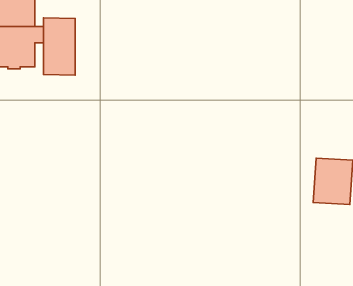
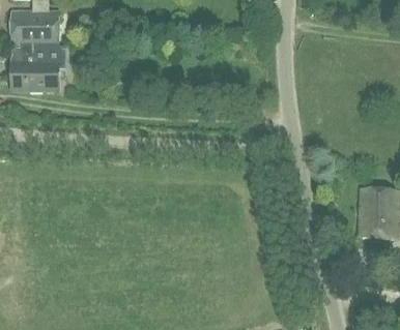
building: [43,18,75,75] -> none

